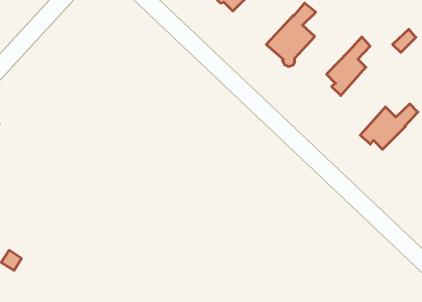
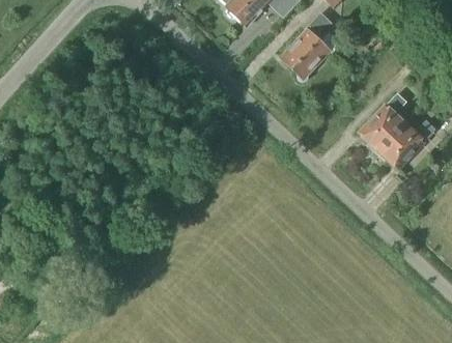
building: [327,37,370,96] -> [361,92,405,152]

